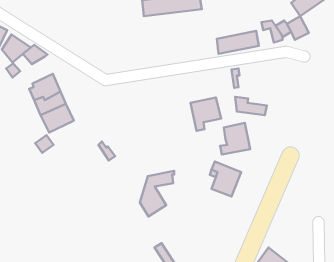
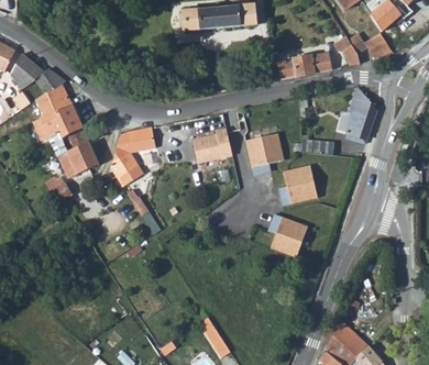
building: none -> [34,82,72,117]
building: none -> [343,87,376,151]
building: none -> [193,130,232,166]
building: [140,171,174,216] -> [111,128,154,185]

